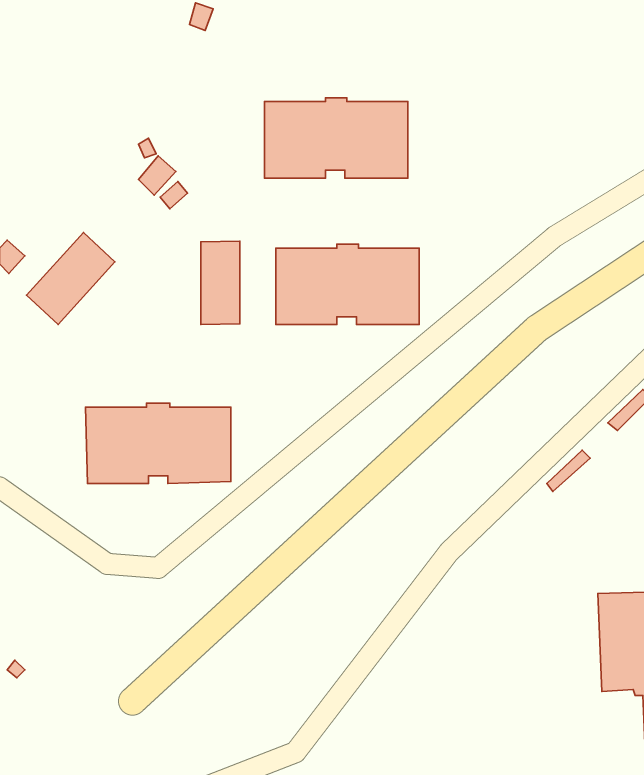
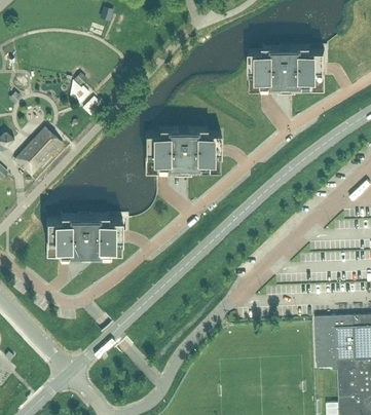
building: [265,98,408,178] -> [249,49,324,91]
building: [201,241,240,324] -> none

